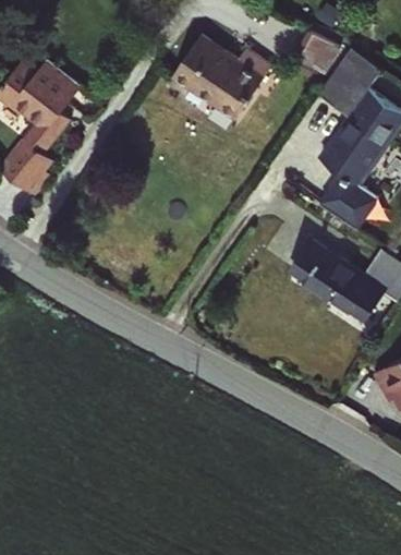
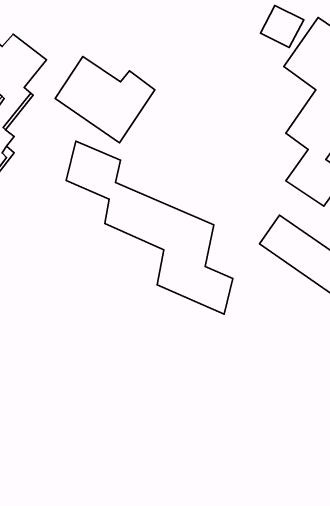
building: [173,35,271,120] -> [55,56,155,143]
building: none -> [66,141,233,314]

